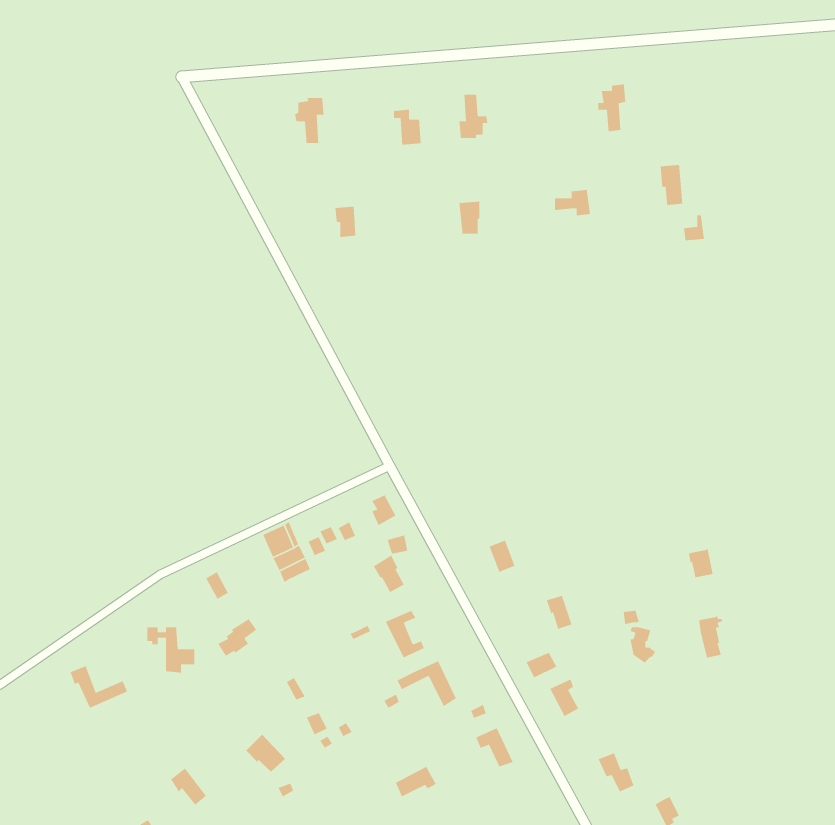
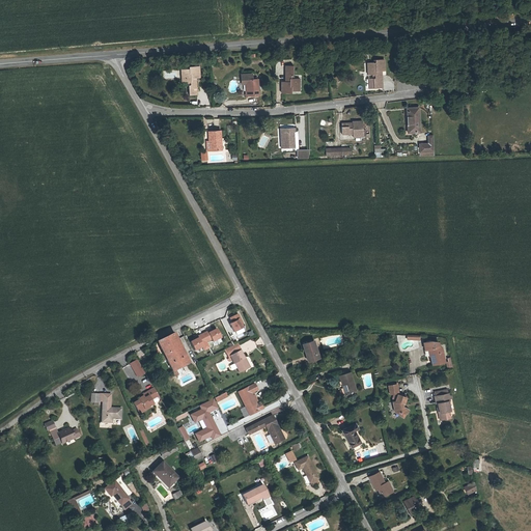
building: none -> [192,398,221,442]

